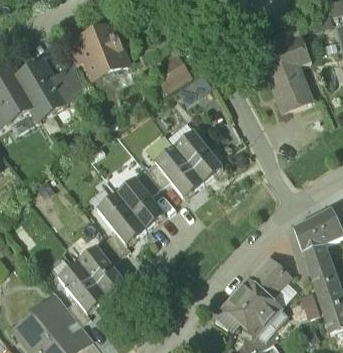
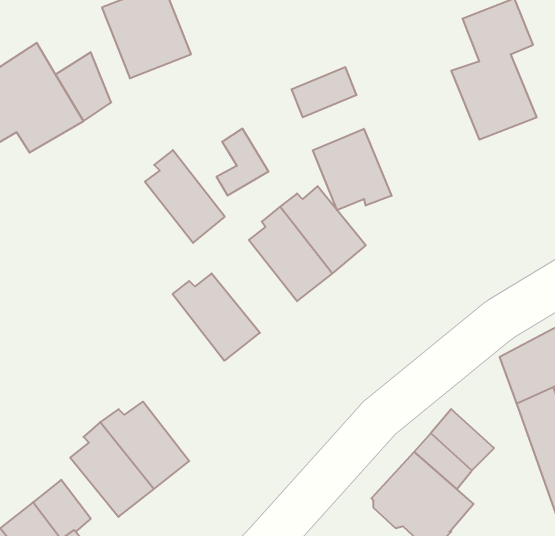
building: [162,53,190,89] -> [216,129,269,196]
building: none -> [313,129,392,210]
building: [103,193,146,243] -> [145,150,225,243]

